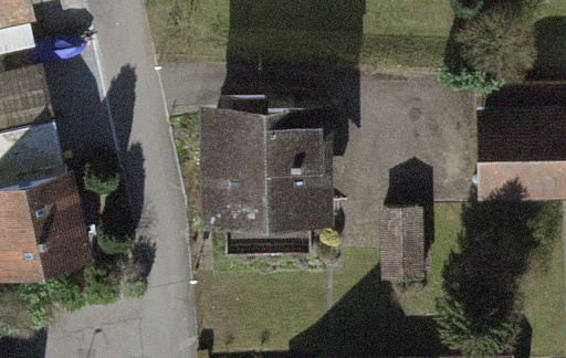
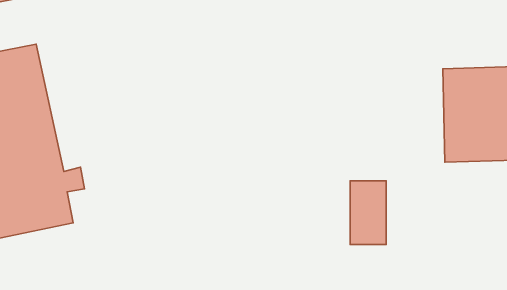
building: [211,115,324,225] -> none

